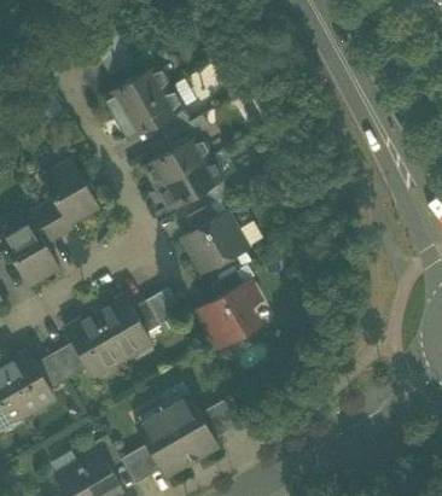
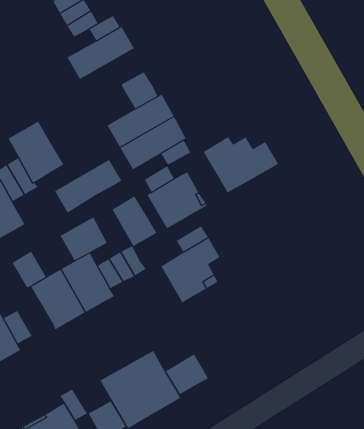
building: [114,86,184,141] -> [54,159,122,213]
building: none -> [203,136,279,193]
building: none -> [112,196,157,247]
building: none -> [60,216,108,261]
building: [50,343,86,381] -> [12,251,47,289]

